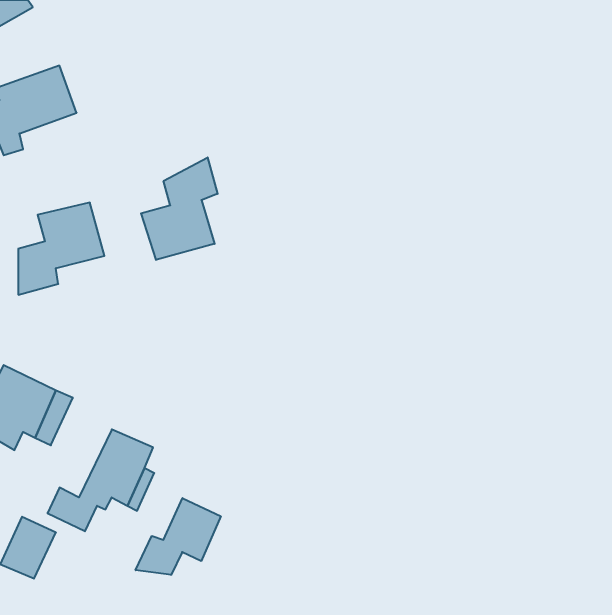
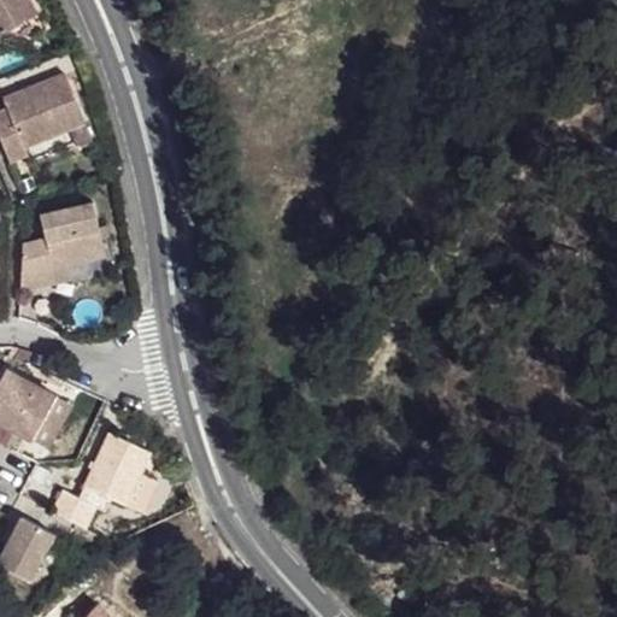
building: [141,157,218,260] -> none
building: [136,498,221,575] -> none

